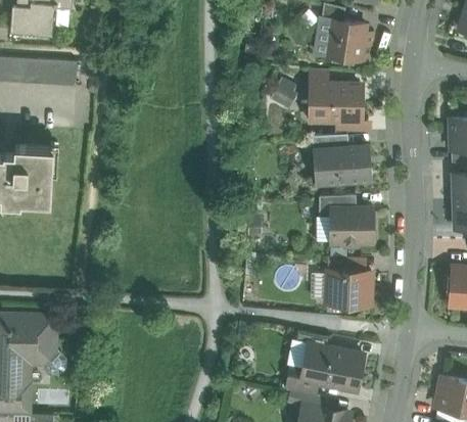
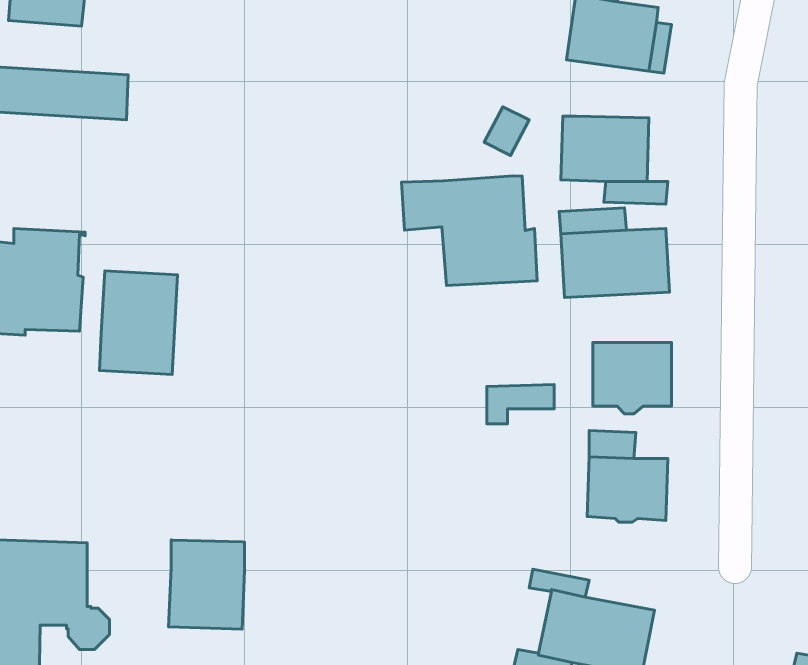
building: none -> [402,176,537,285]
building: none -> [99,271,177,375]
building: [319,195,356,217] -> [487,385,554,424]
building: none -> [169,540,245,629]

